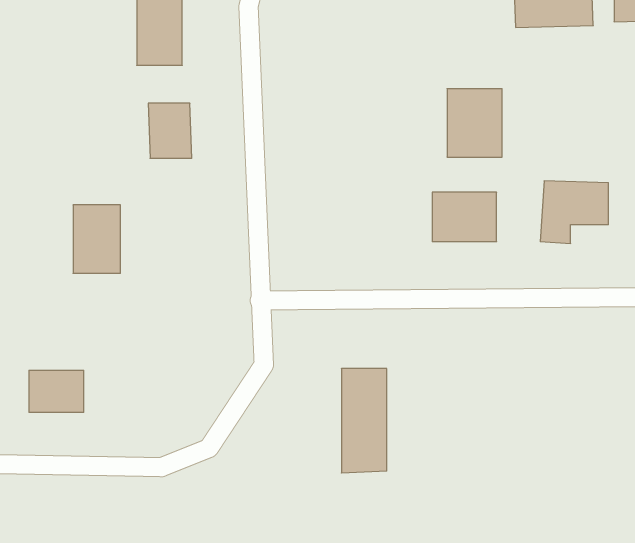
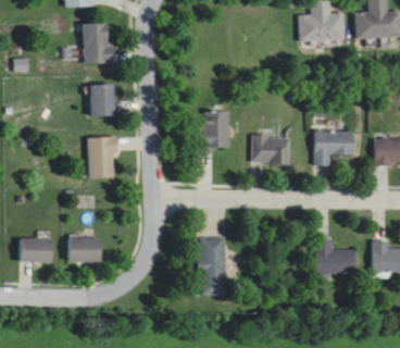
building: [447,89,502,157] -> [198,111,229,150]
building: [73,205,120,273] -> [88,138,115,177]
building: none -> [70,238,100,262]
building: none -> [316,238,354,273]

